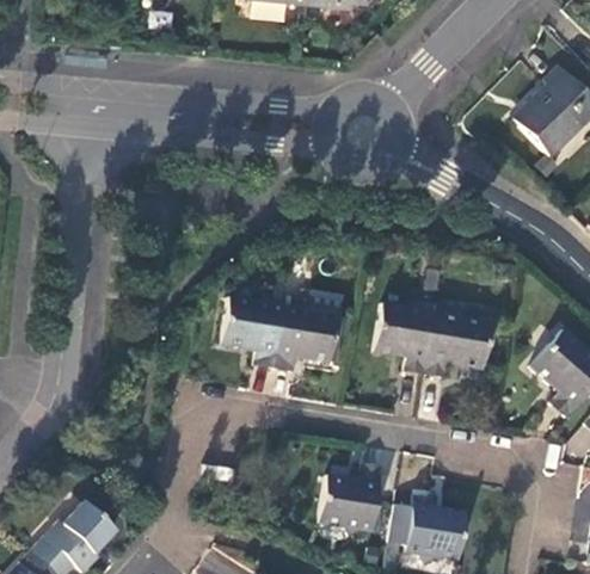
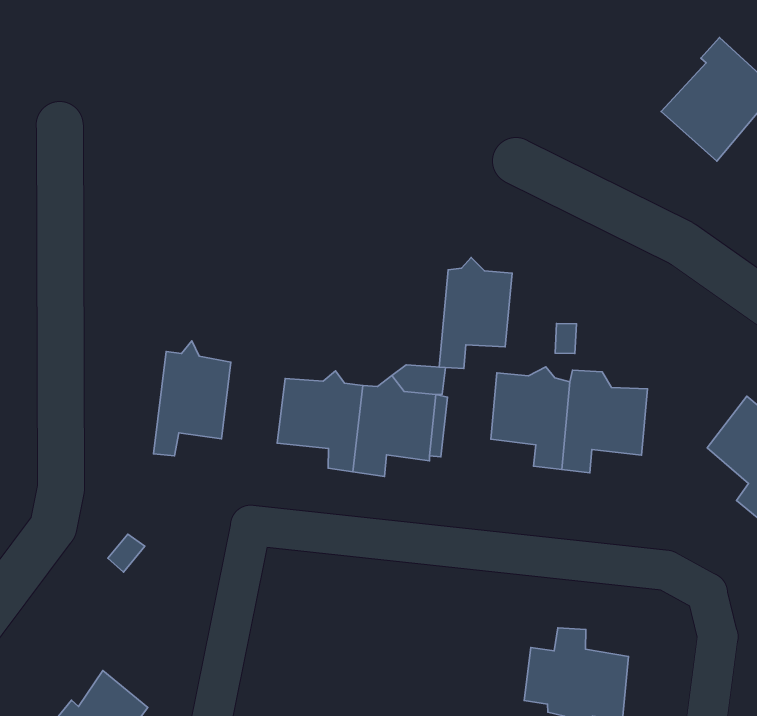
building: none -> [439,258,512,369]
building: none -> [153,341,231,456]
building: [319,462,382,535] -> none

